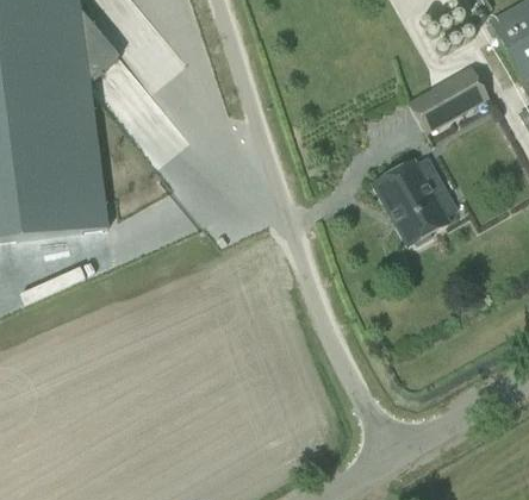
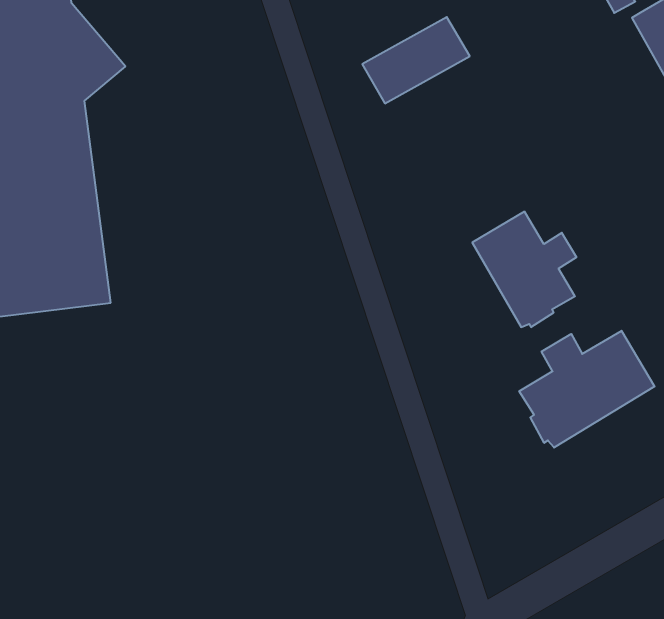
building: [407,68,486,131] -> [362,17,470,103]
building: none -> [519,331,655,448]

